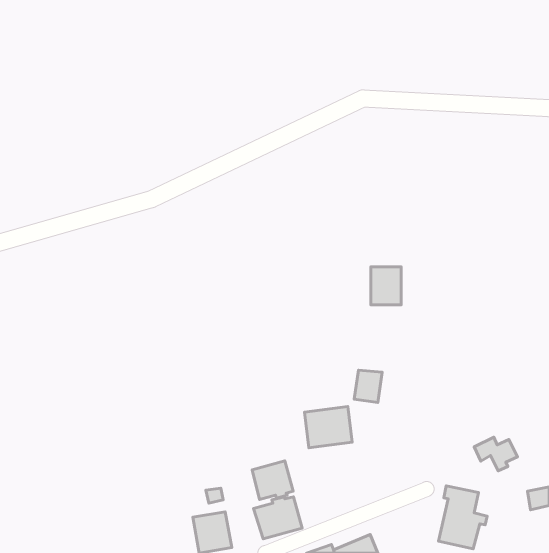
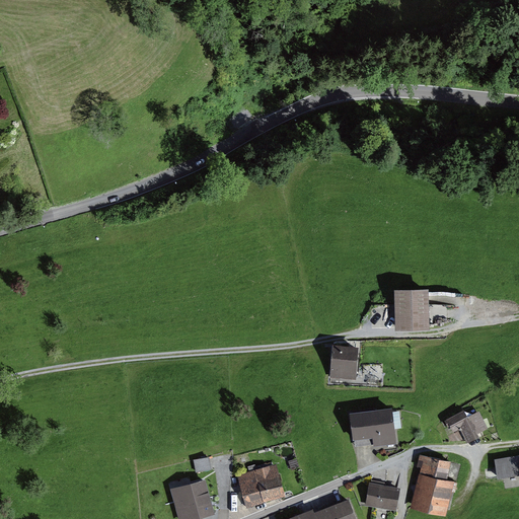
building: [371,267,401,305] -> [399,291,428,326]
building: [304,407,352,448] -> [348,410,392,448]
building: [252,461,293,500] -> none
building: none -> [366,484,398,509]

